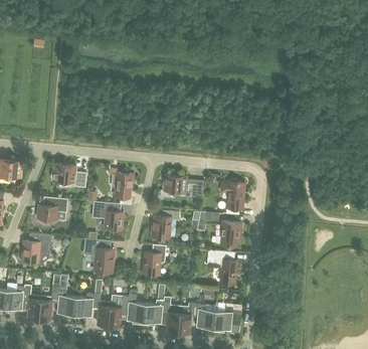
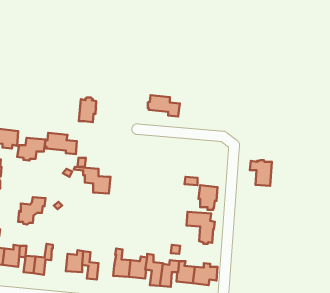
building: [114,171,133,198] -> [79,97,96,122]
building: [162,175,197,198] -> [148,95,180,116]
building: [220,181,244,209] -> [250,160,272,186]
building: [36,197,67,222] -> [17,138,46,161]
building: [151,210,179,238] -> none
building: [82,238,114,274] -> none
building: [143,245,165,276] -> none
building: [56,291,75,316] -> none
building: [108,297,129,326] -> none

